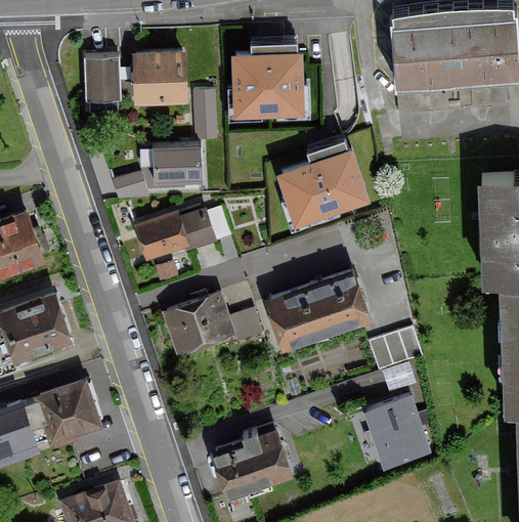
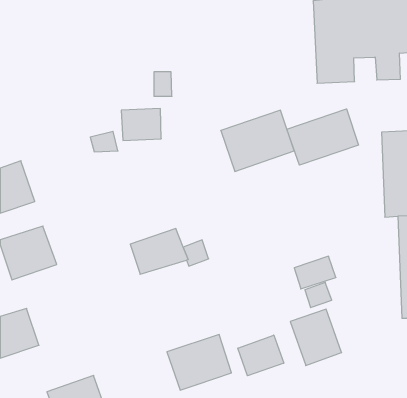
building: [132,52,186,103] -> none
building: [232,52,304,115] -> none
building: [86,58,118,100] -> none
building: none -> [287,109,358,165]
building: [133,207,231,260] -> none
building: [266,270,369,350] -> none
building: [34,379,102,442] -> none
building: none -> [238,335,284,376]

